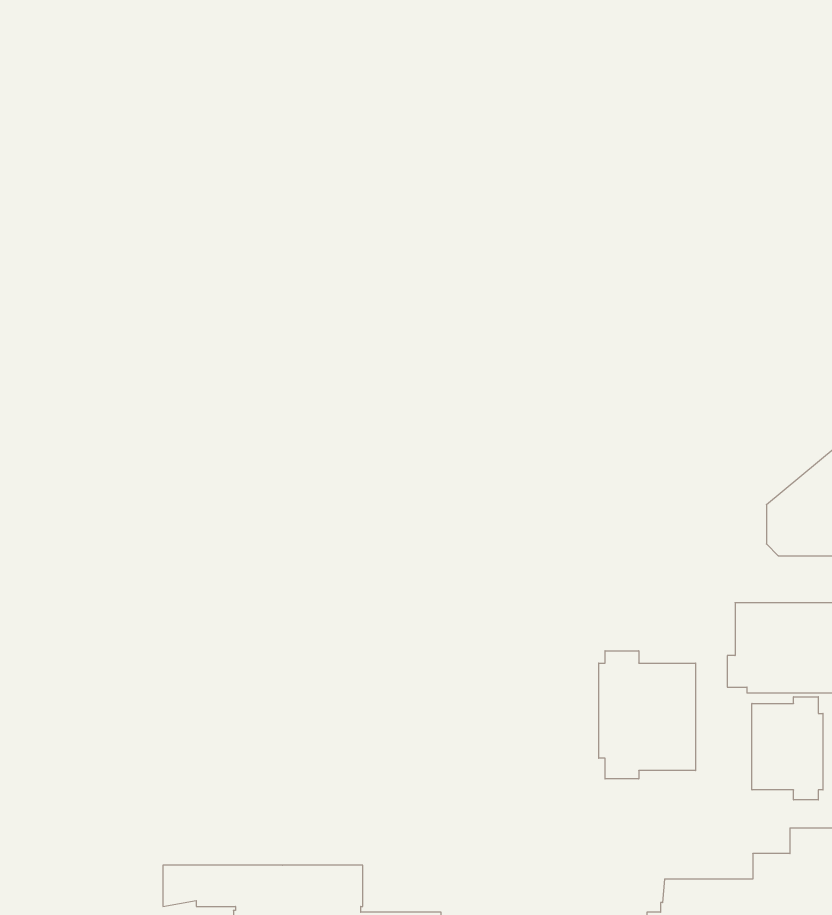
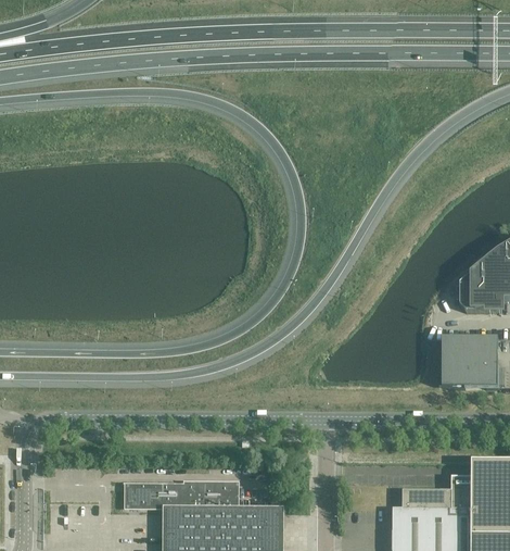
building: [599,651,696,779] -> none
building: [752,697,823,800] -> none

